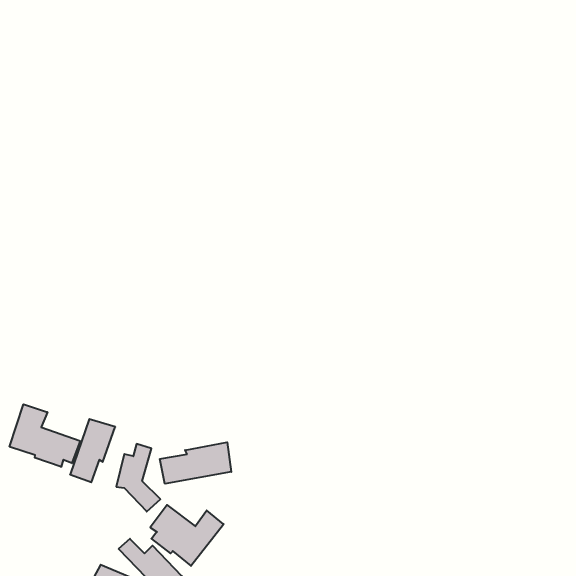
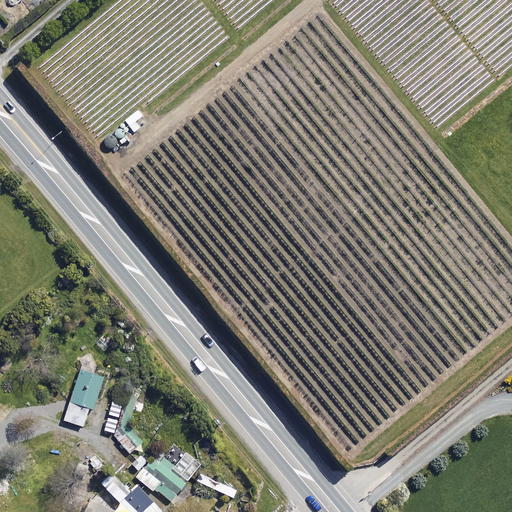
building: [10,404,80,467] -> none
building: [160,442,231,484] -> none

